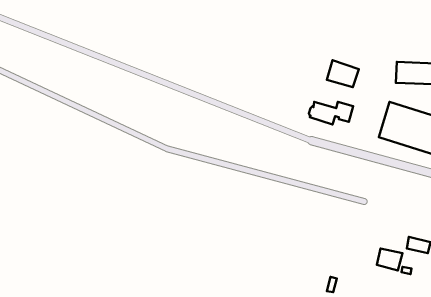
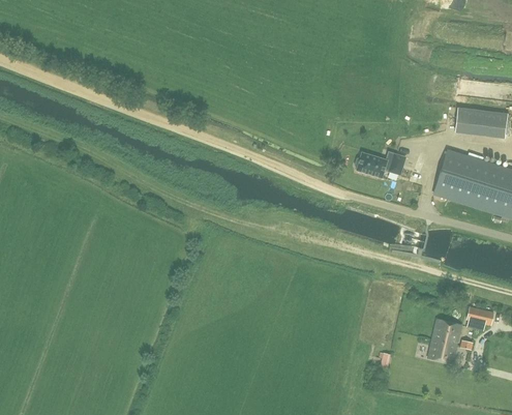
building: [327,60,359,87] -> none
building: none -> [427,338,456,363]

